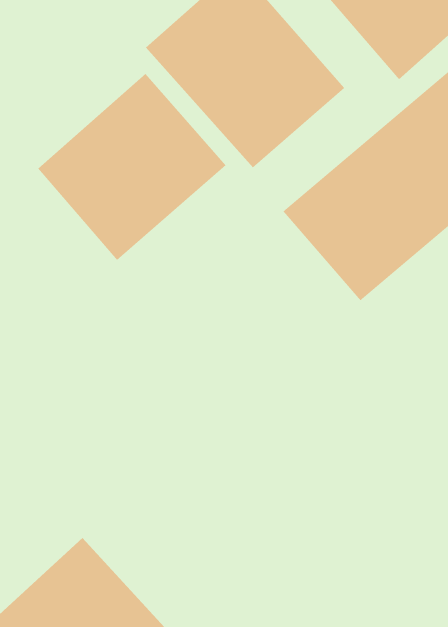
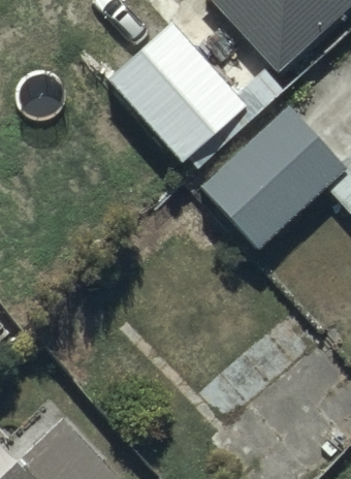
building: [38,73,226,261] -> none

